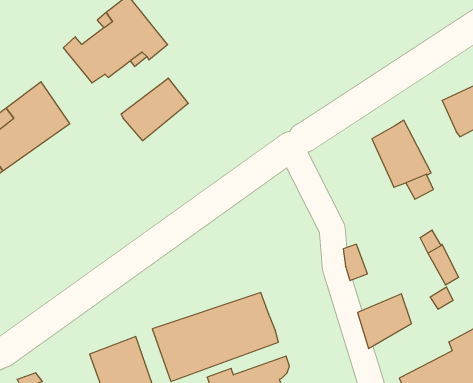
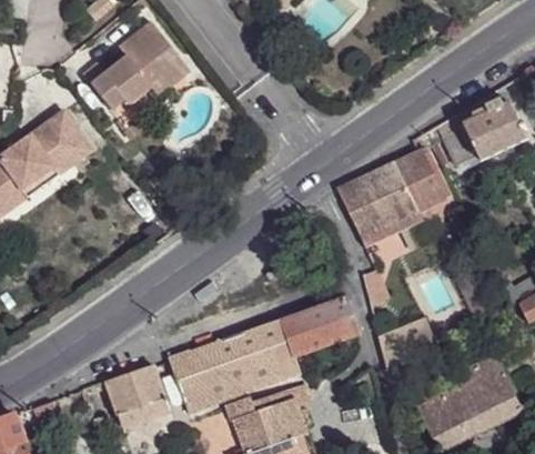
building: [121,78,188,141] -> none
building: none -> [437,125,478,171]
building: none -> [340,164,421,249]
building: none -> [281,295,361,357]

